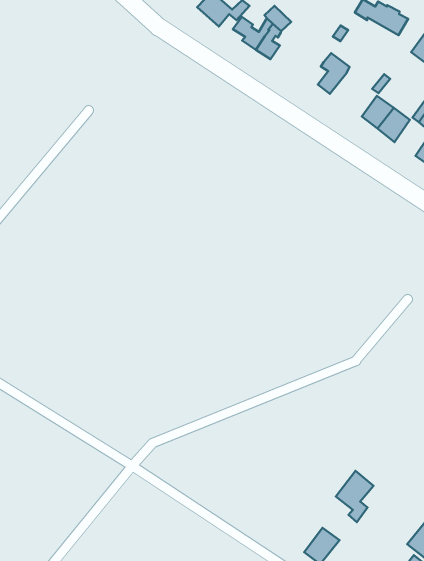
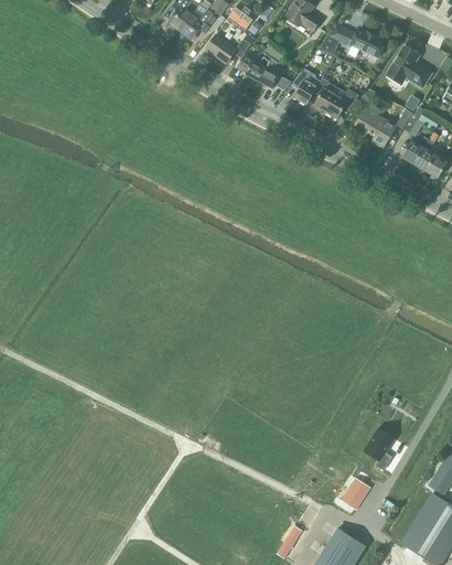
building: none -> [294,67,318,104]
building: none -> [325,88,358,118]

